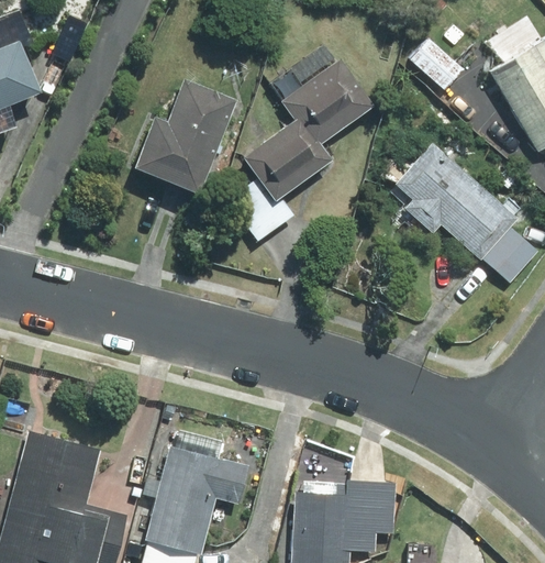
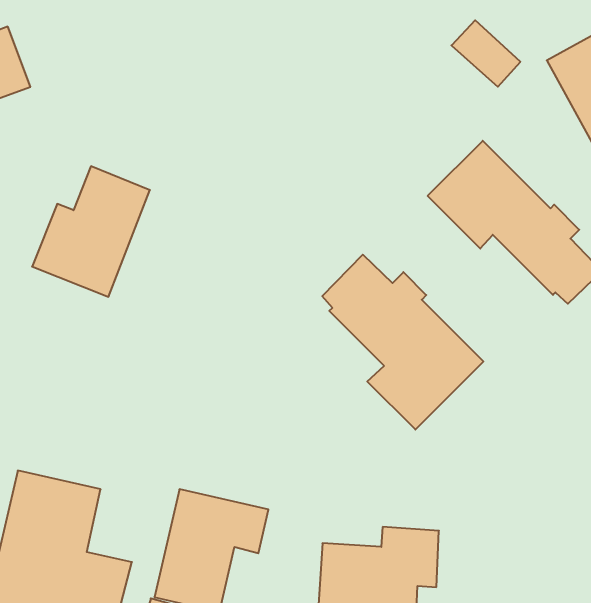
building: [224,44,374,243] -> none
building: [130,80,233,195] -> [32,166,150,297]
building: none -> [322,255,483,430]

